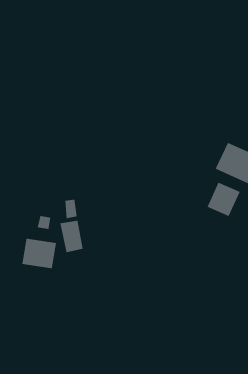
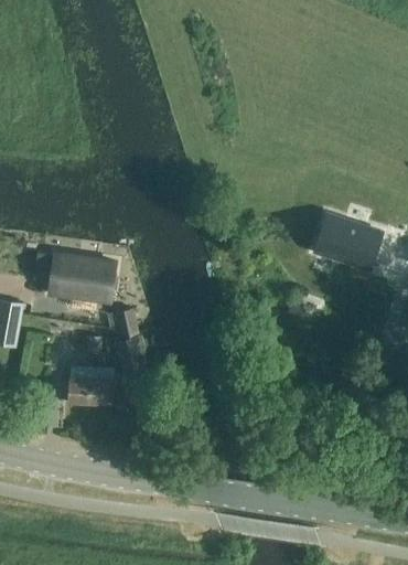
building: none -> [57,263,121,306]
building: [207,182,240,217] -> none

